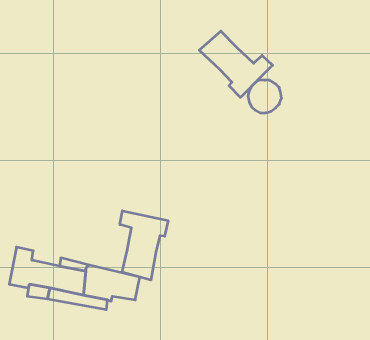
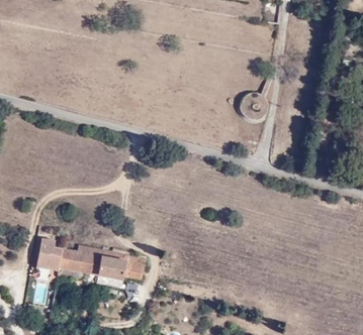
building: [199,31,273,97] -> none
building: [120,211,168,280] -> none

